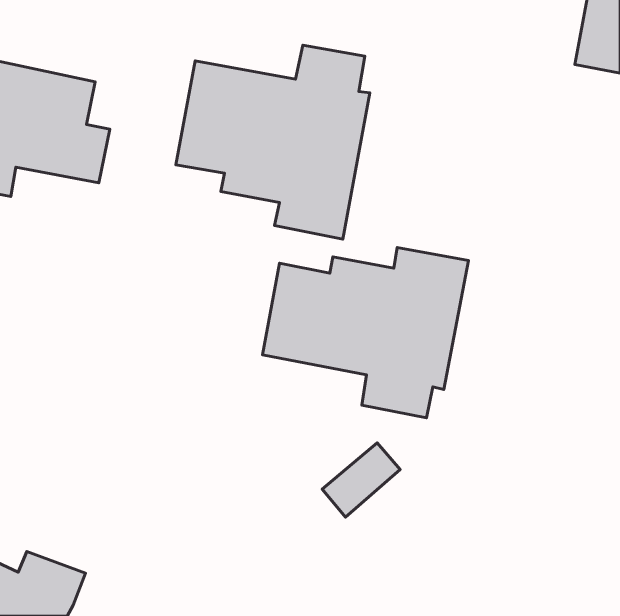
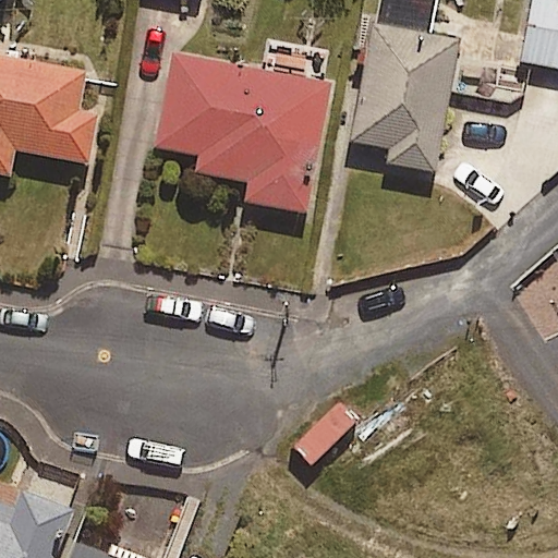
building: none -> [352,24,460,172]
building: [262,248,468,418] -> none

